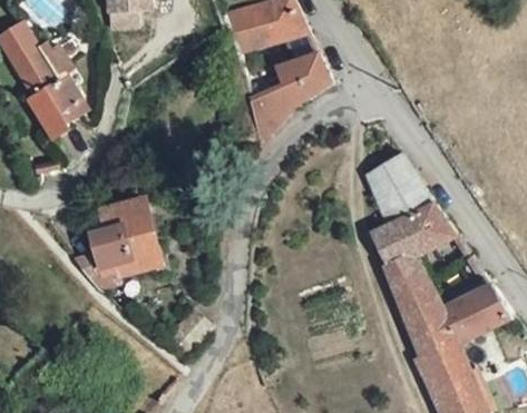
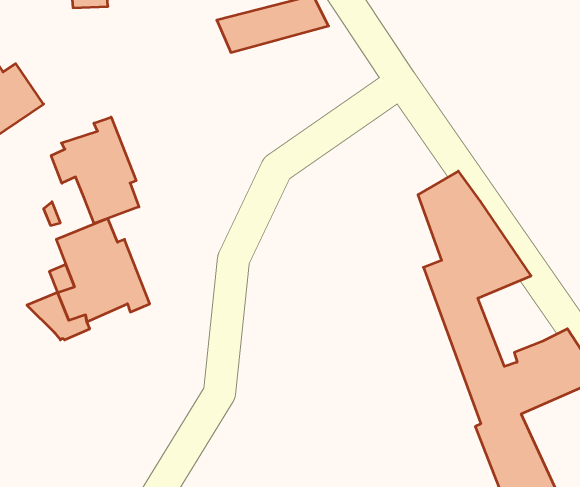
building: [248,51,330,138] -> none
building: none -> [51,117,139,224]

